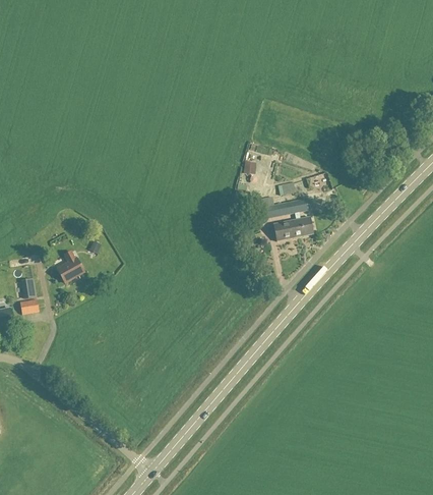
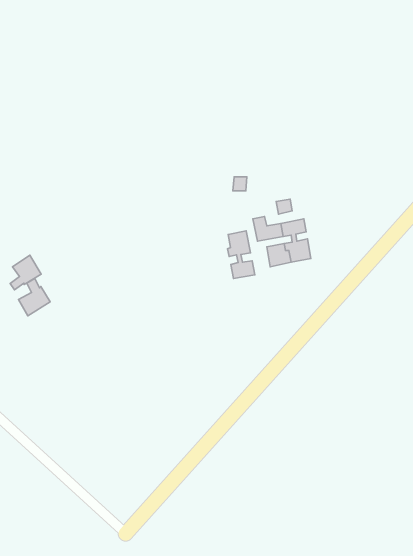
building: none -> [227,231,255,279]
building: none -> [10,255,41,290]

